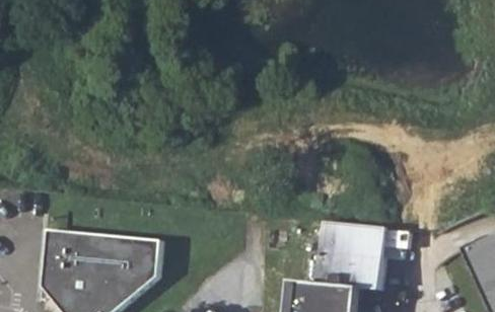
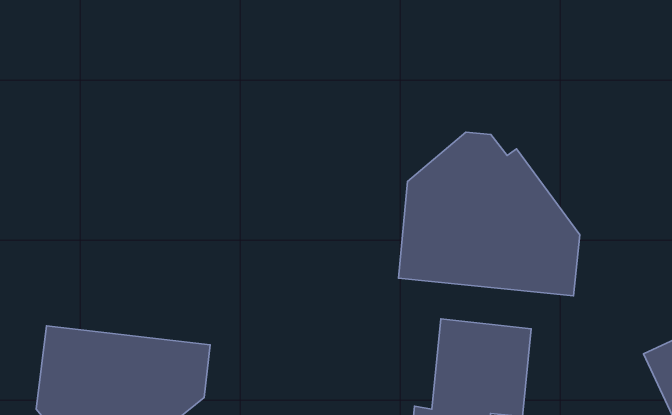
building: none -> [399,132,580,296]

